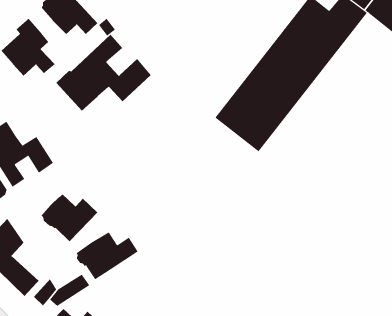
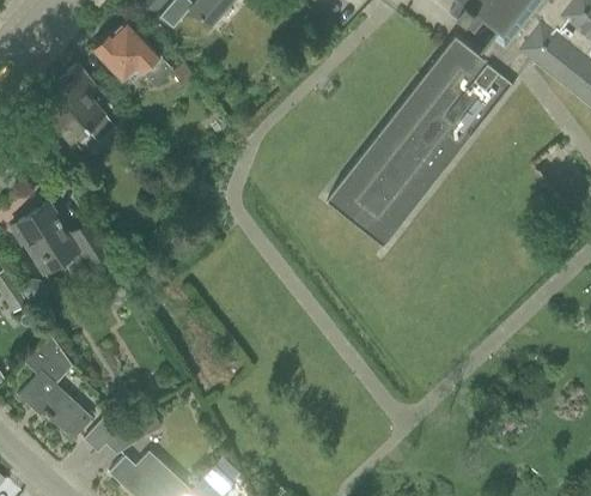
building: [55,34,151,112] -> none
building: [41,193,98,242] -> none
building: [76,231,139,280] -> none

